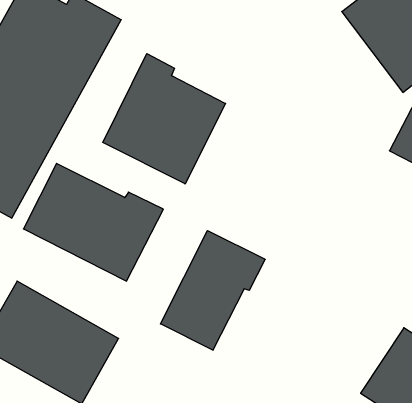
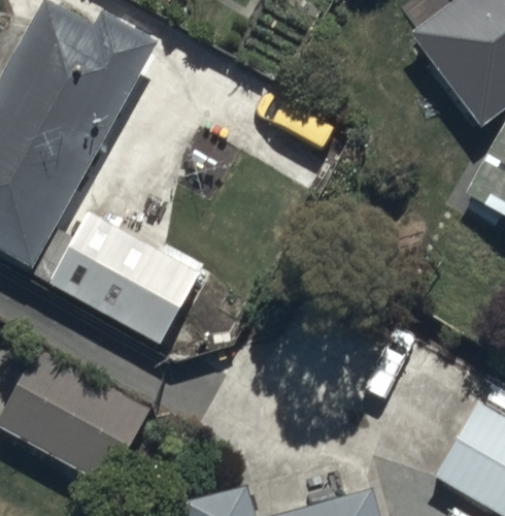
building: [103,54,226,184] -> none
building: [160,231,265,350] -> none

